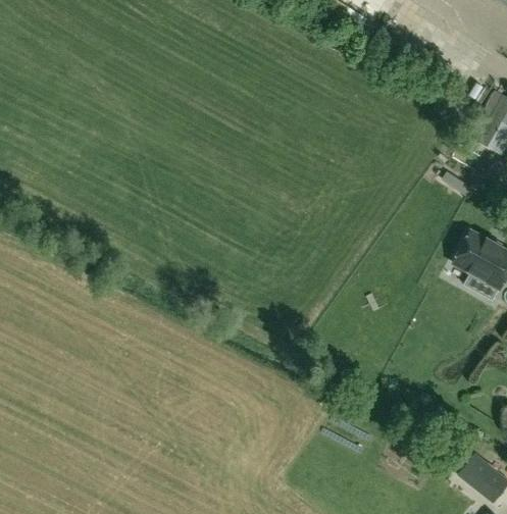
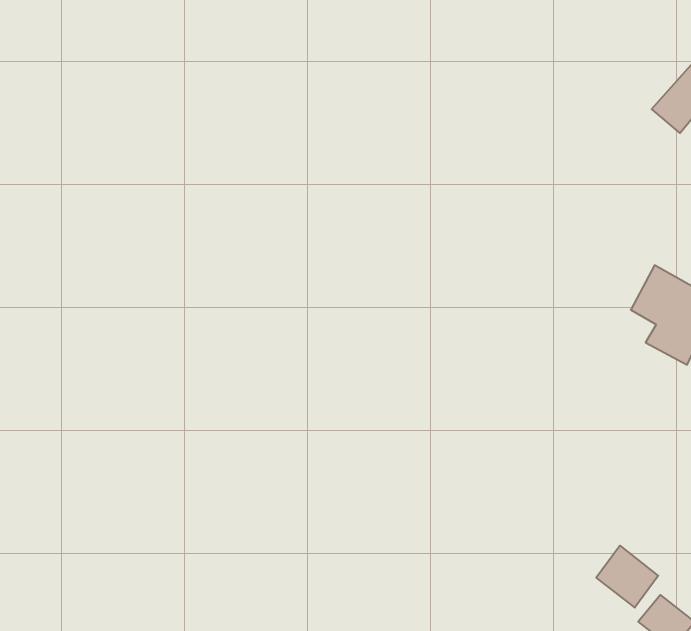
building: none -> [596,546,658,608]

